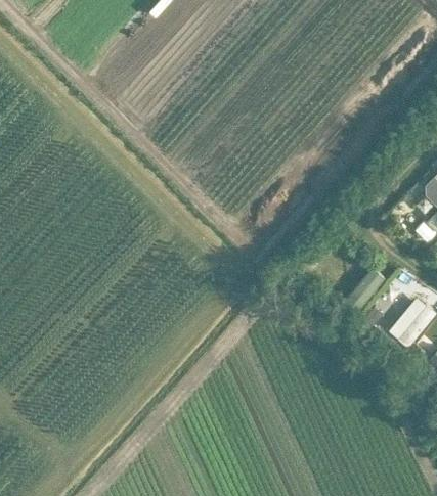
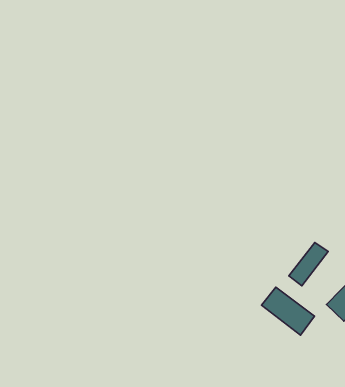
building: none -> [261,287,314,335]

